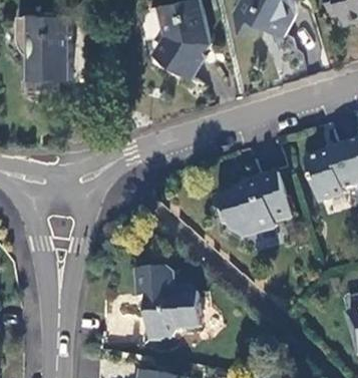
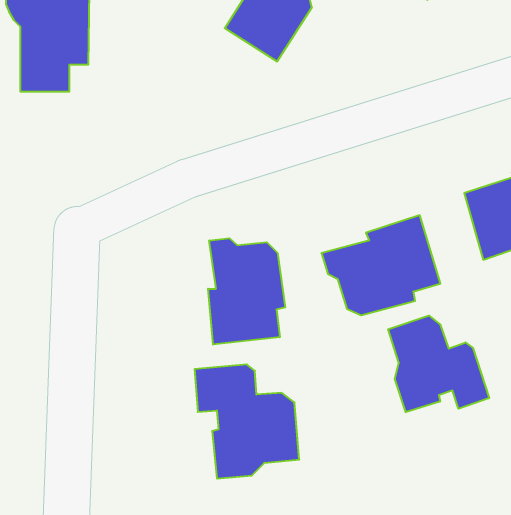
building: none -> [208,238,285,345]
building: none -> [388,316,489,412]

